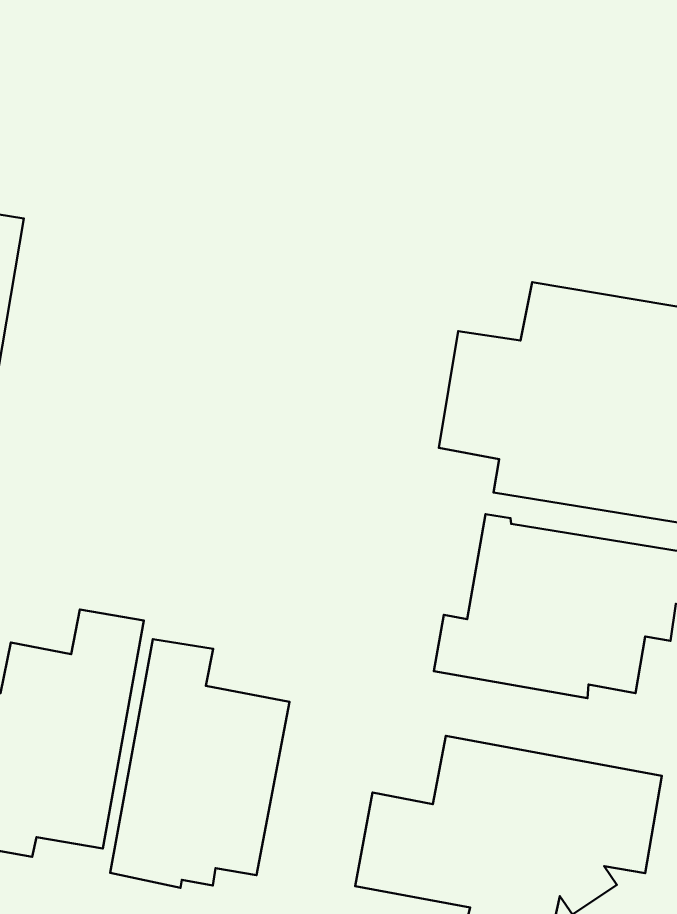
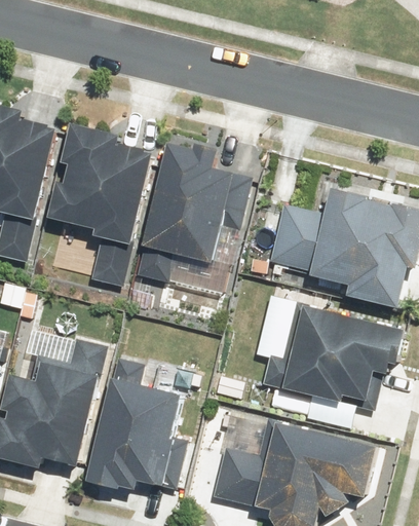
building: none -> [47,124,153,286]
building: none -> [135,143,250,281]

